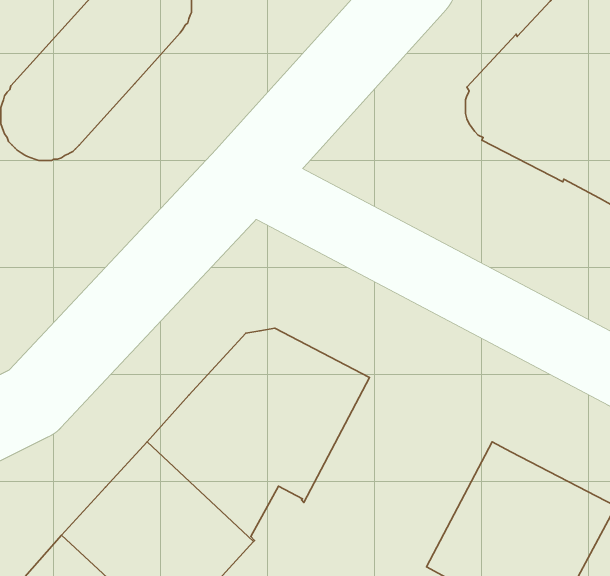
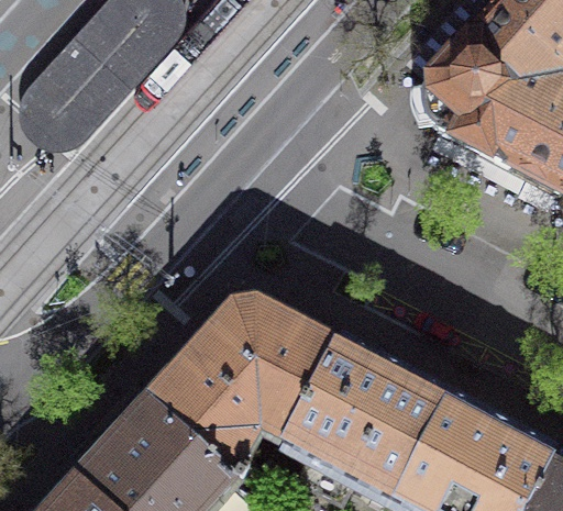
building: none -> [284,335,448,500]

